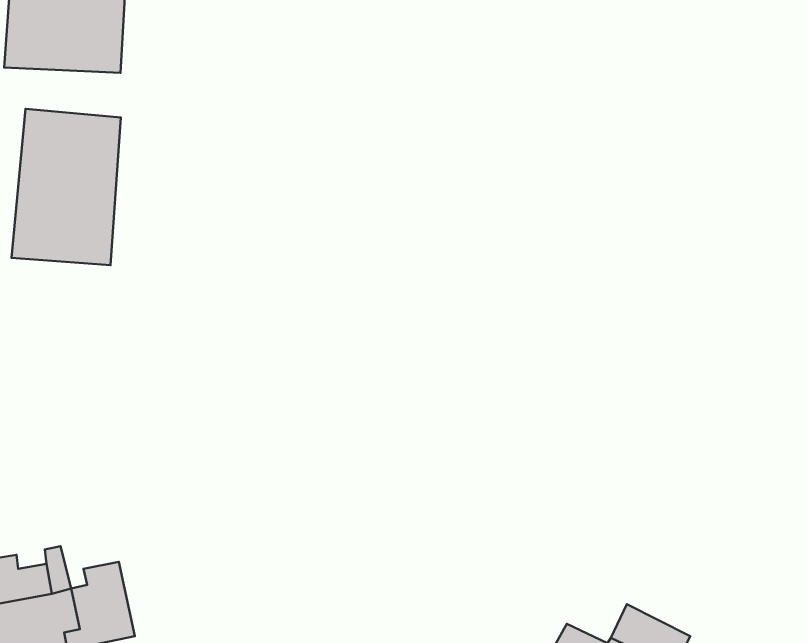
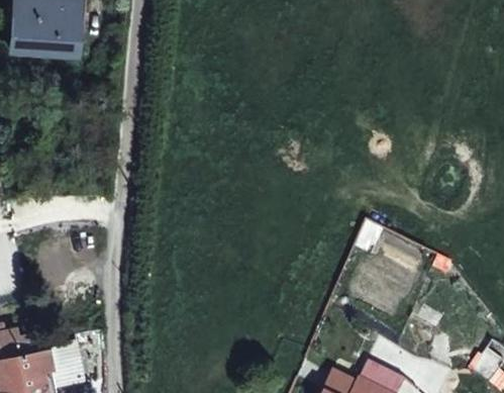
building: [11,109,121,265] -> none

